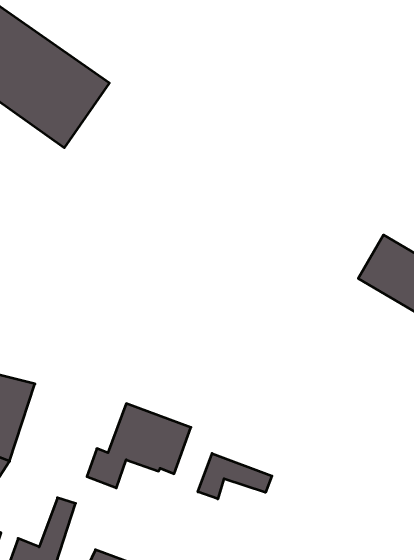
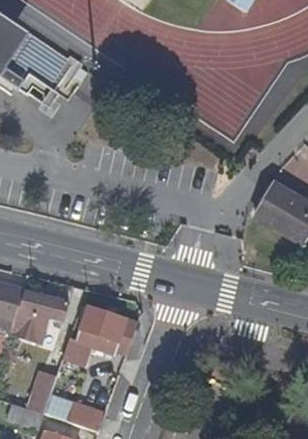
building: none -> [15,288,70,338]
building: [198,453,272,499] -> none

